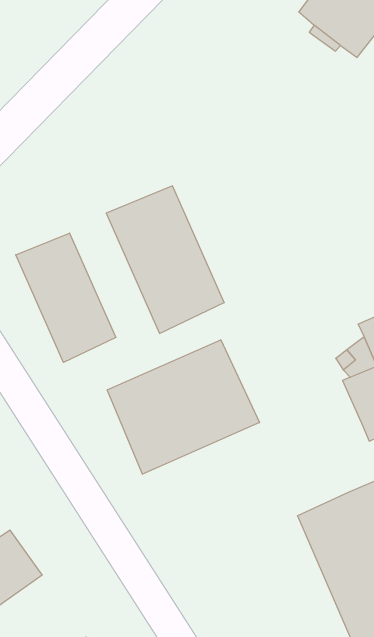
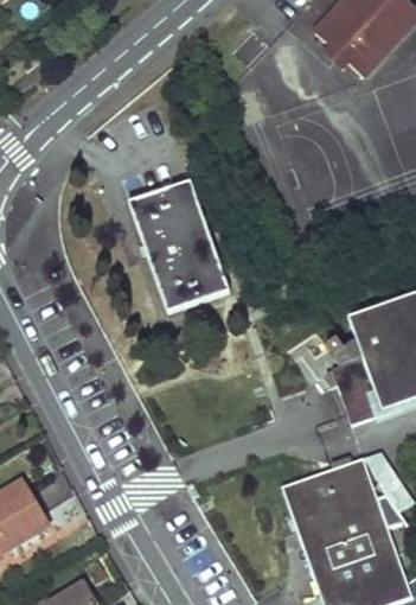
building: [16,233,116,362] -> none
building: [107,340,260,474] -> none

